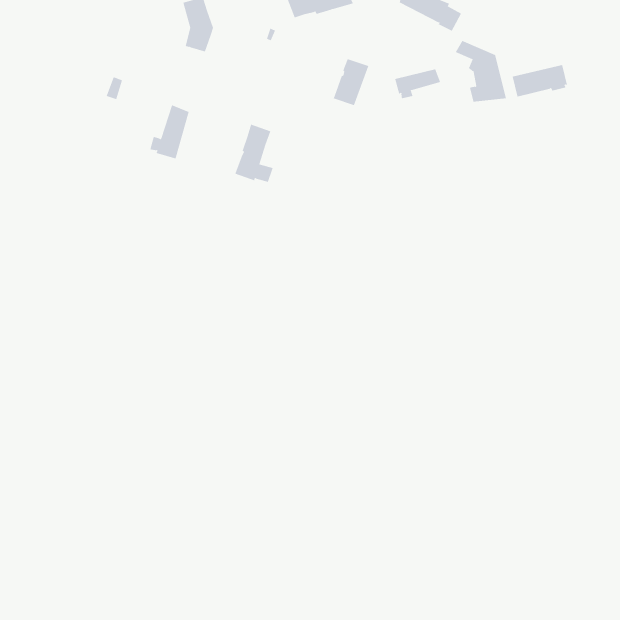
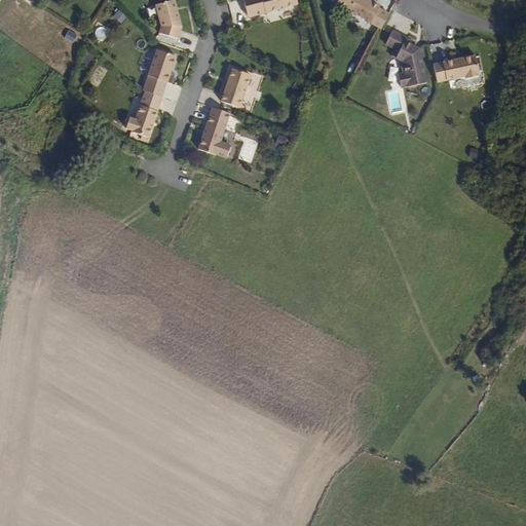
building: none -> [143,46,176,95]
building: [333,58,369,106] -> [220,65,251,105]
building: [395,68,441,99] -> none

